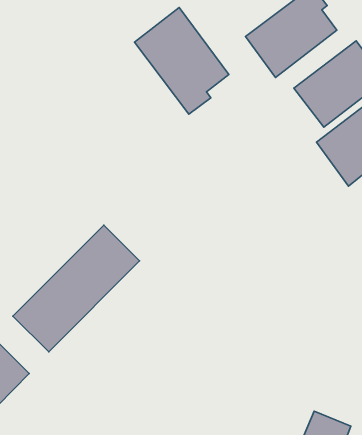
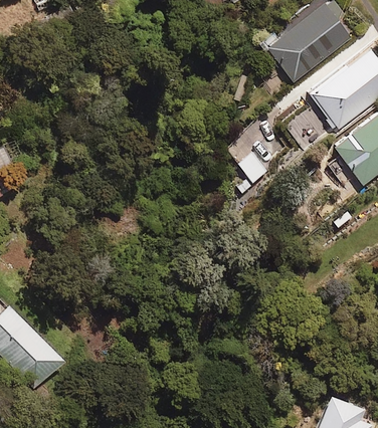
building: [134,7,229,114] -> none
building: [13,225,140,352] -> none

